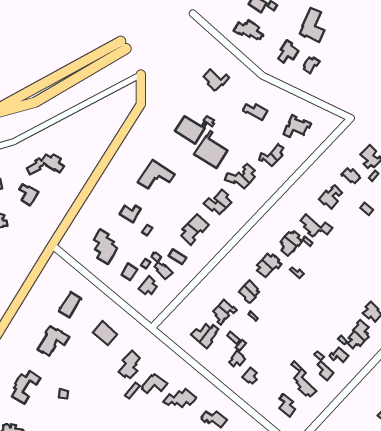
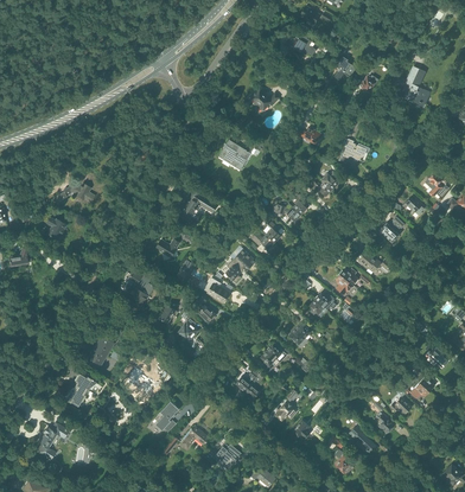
building: [300,8,324,42] -> [401,66,428,104]
building: [194,131,227,168] -> none

